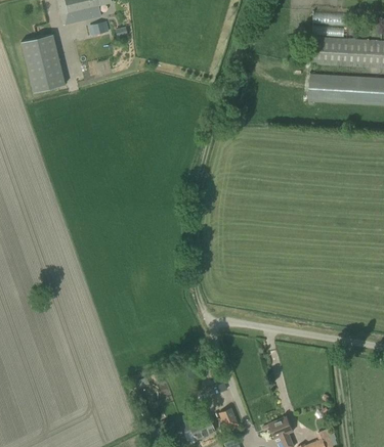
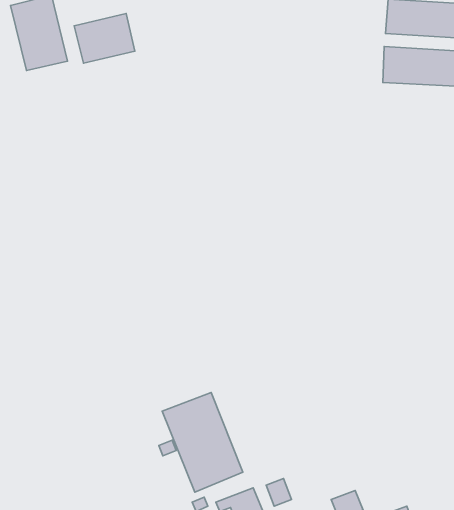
building: none -> [74,13,135,63]
building: none -> [162,393,243,492]

